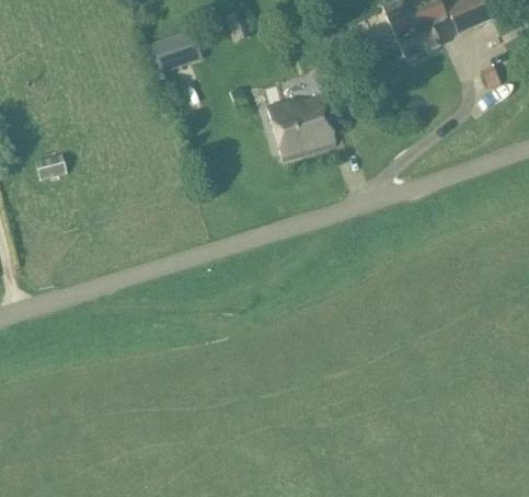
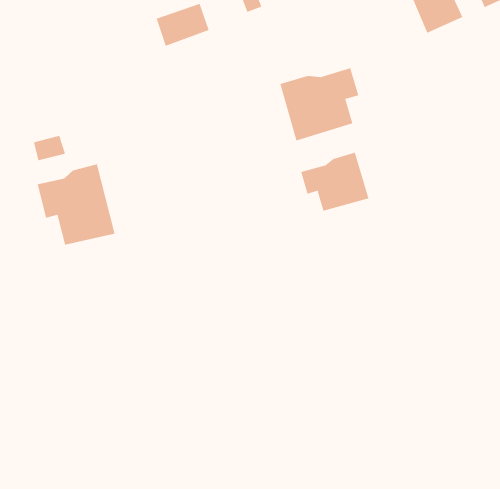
building: none -> [300,152,369,212]
building: none -> [37,164,115,246]

